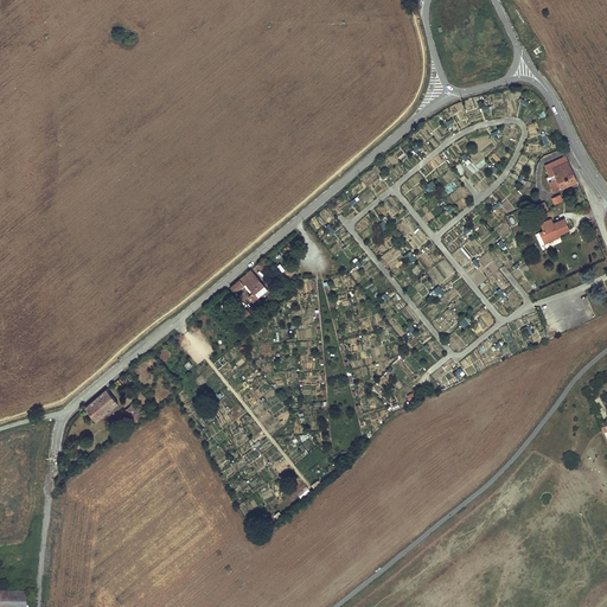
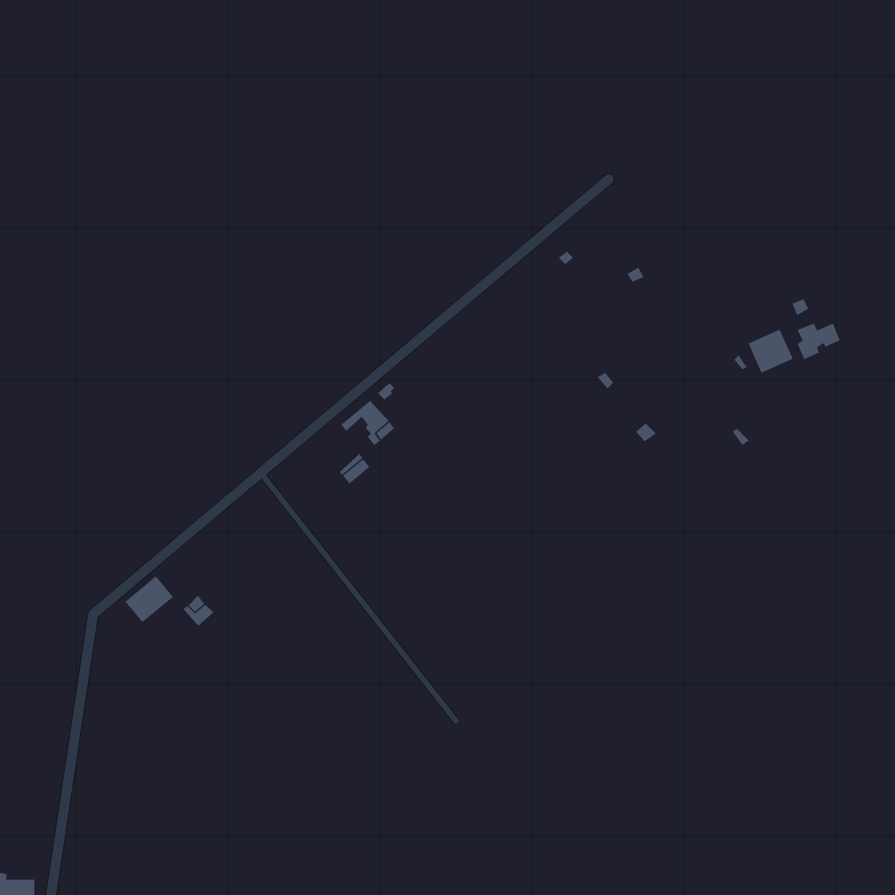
building: [543,156,576,192] -> none
building: none -> [748,329,793,374]

